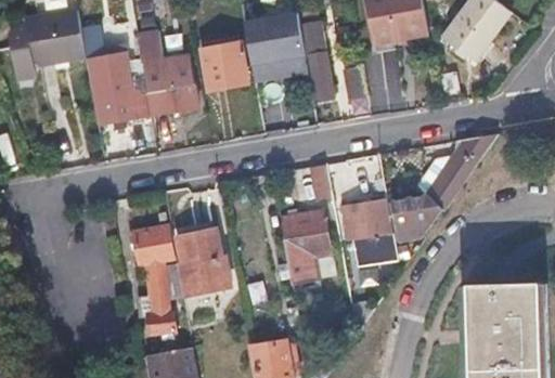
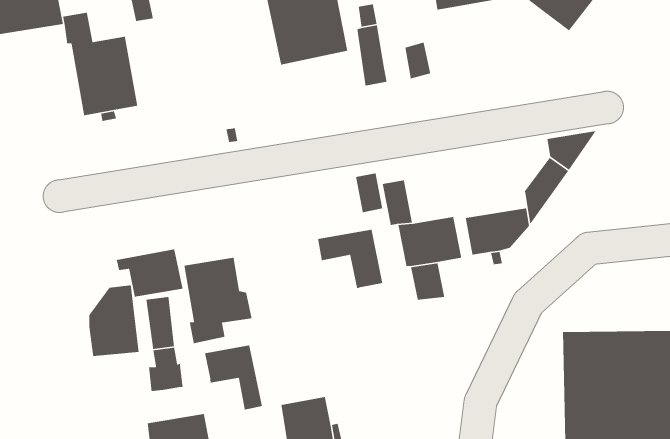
building: [202,44,248,92] -> none
building: [141,57,198,115] -> none
building: [283,231,318,279] -> none
building: none -> [88,285,139,357]
building: none -> [204,344,263,411]

